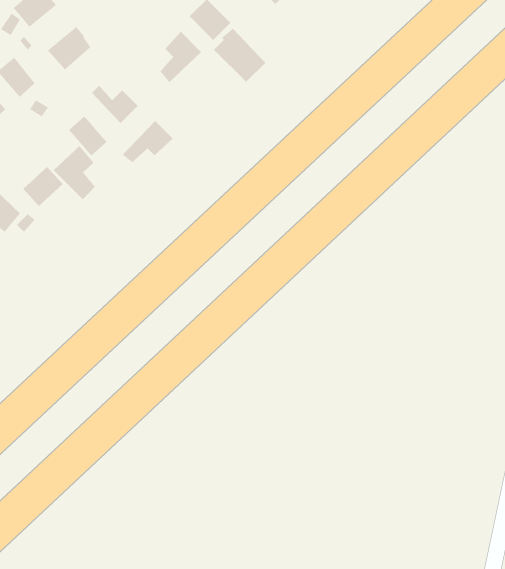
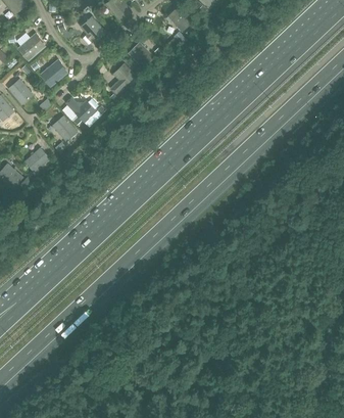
building: [213,28,266,83] -> none
building: [122,120,174,163] -> none
building: [53,145,95,200] -> none

